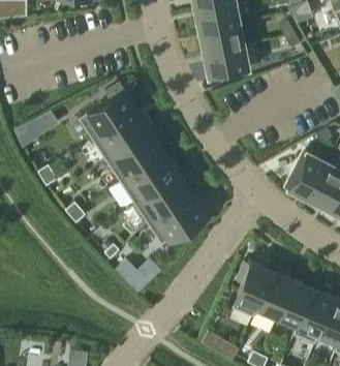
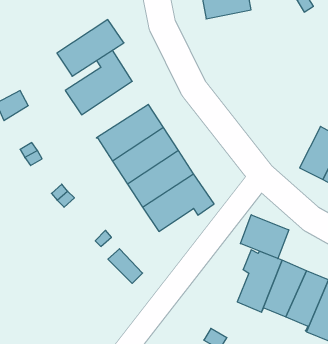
building: [204,45,249,77] -> none
building: [92,110,152,160] -> [57,20,124,76]
building: none -> [240,215,289,259]

